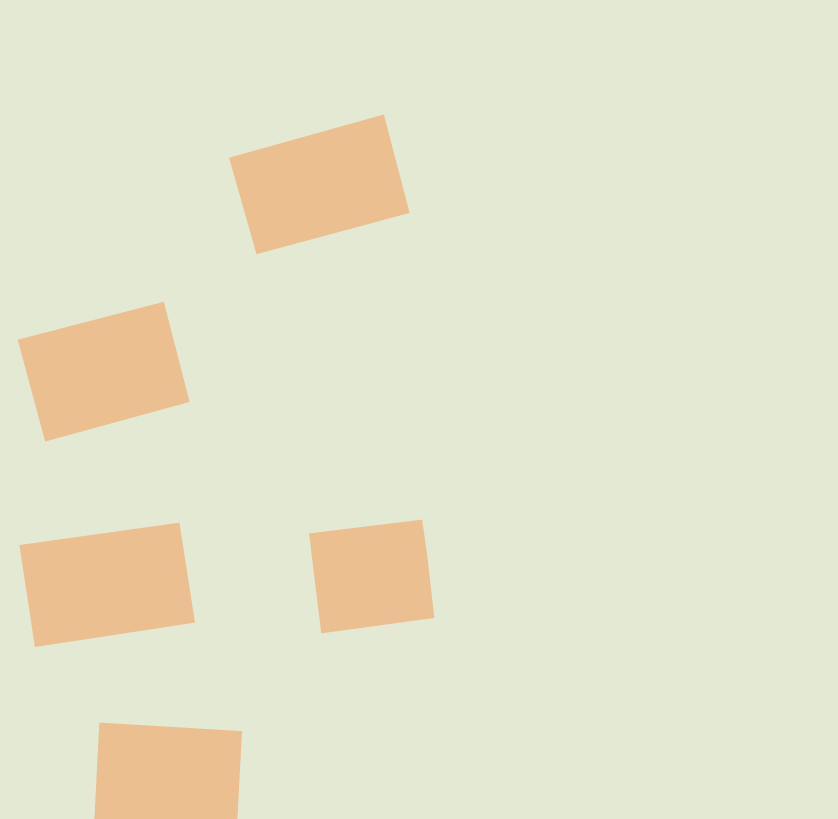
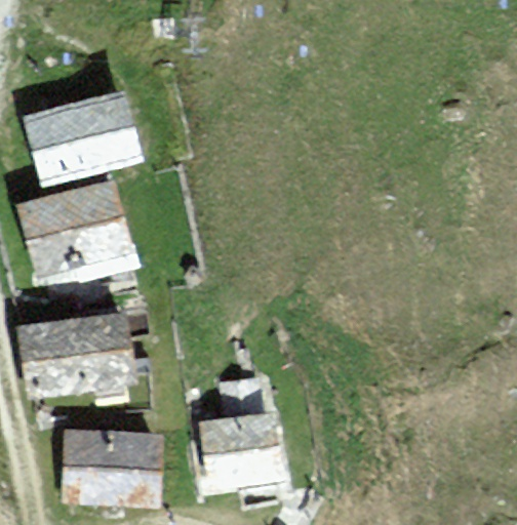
building: [228,114,411,255] -> [30,94,137,177]
building: [308,519,435,634] -> [204,413,279,481]

